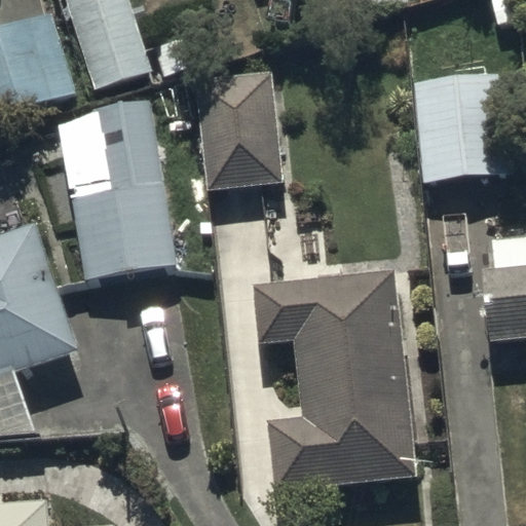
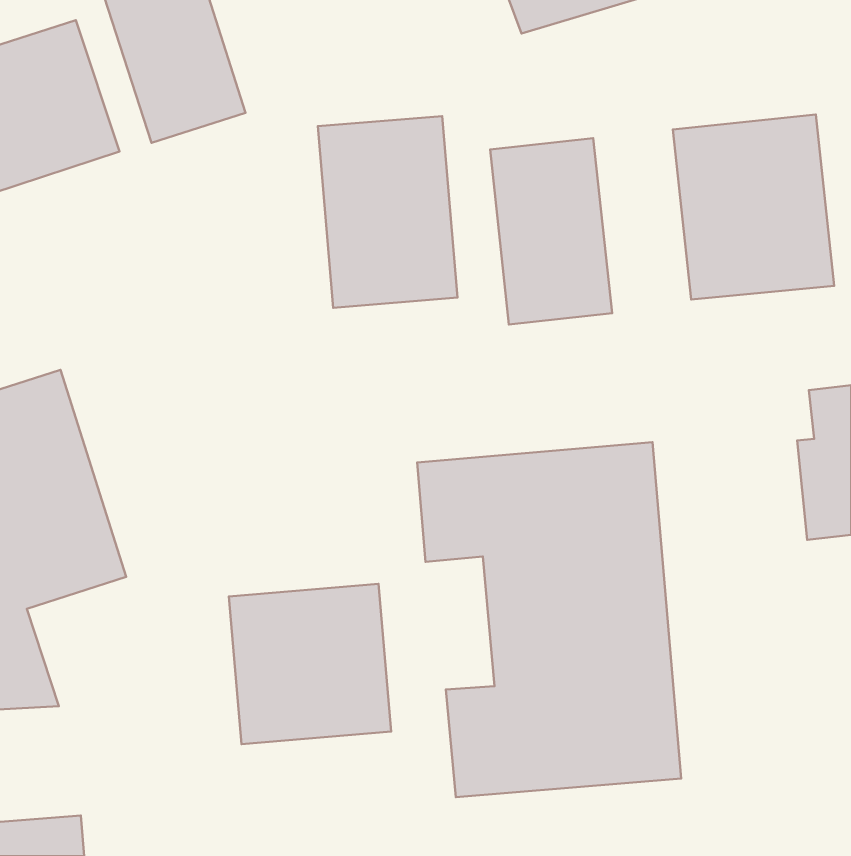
building: none -> [490,138,612,325]
building: [57,99,177,280] -> none
building: none -> [229,584,391,744]

